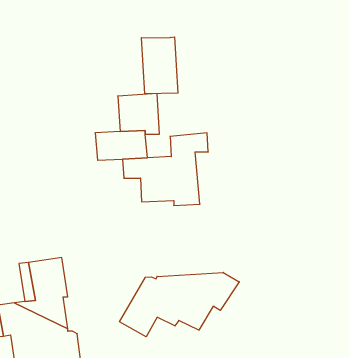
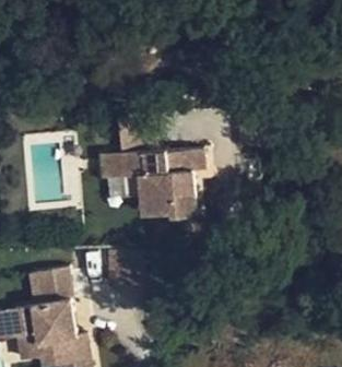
building: [141,37,178,94] -> none
building: [119,272,239,337] -> none

